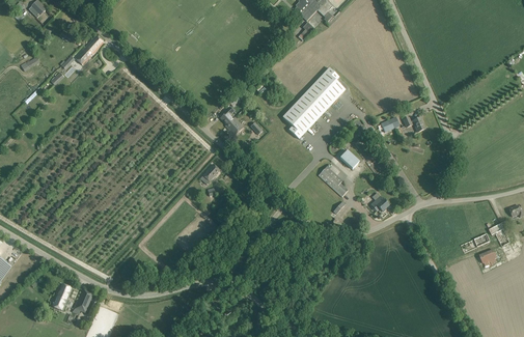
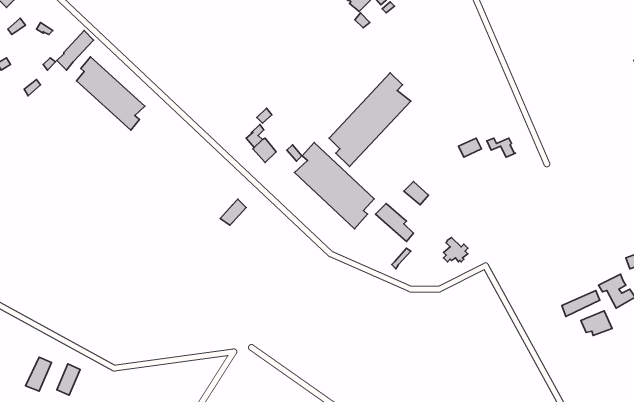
building: none -> [76,57,145,130]
building: none -> [295,143,374,229]

